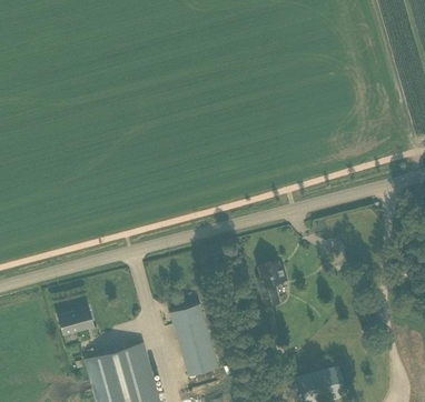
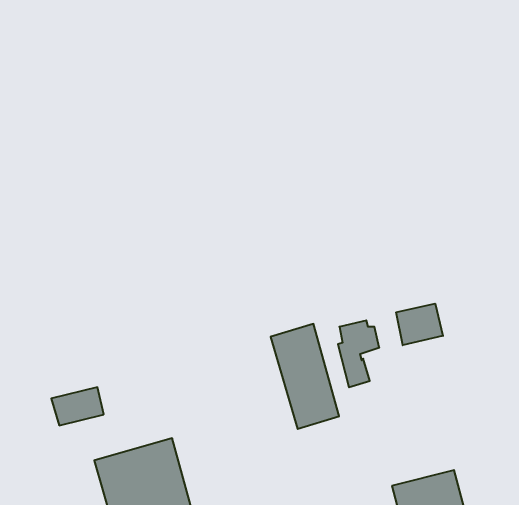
building: none -> [396,304,443,345]
building: [170,303,218,376] -> [271,324,339,429]

